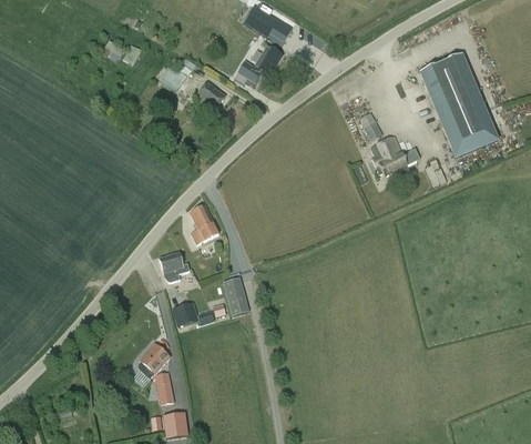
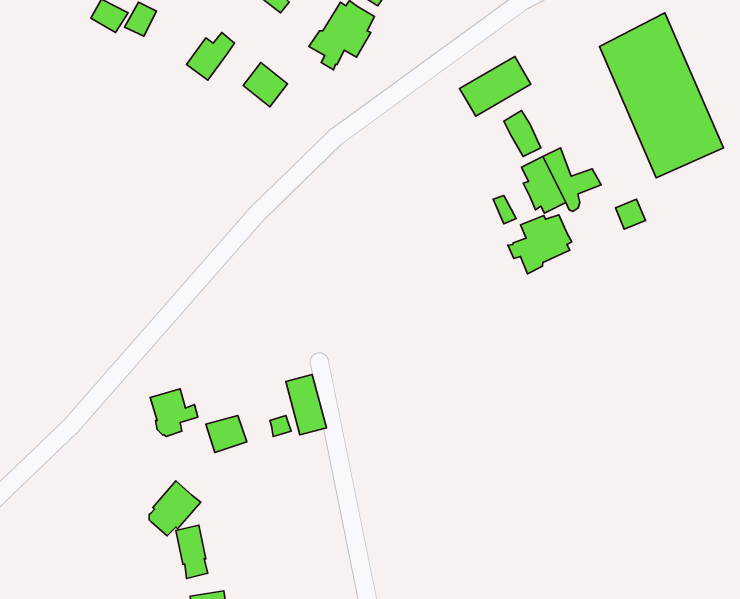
building: none -> [460,56,531,116]
building: none -> [508,215,572,274]
building: [190,205,218,243] -> none
building: [160,252,190,282] -> [150,389,198,437]

